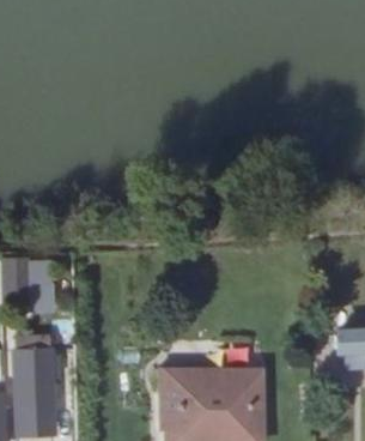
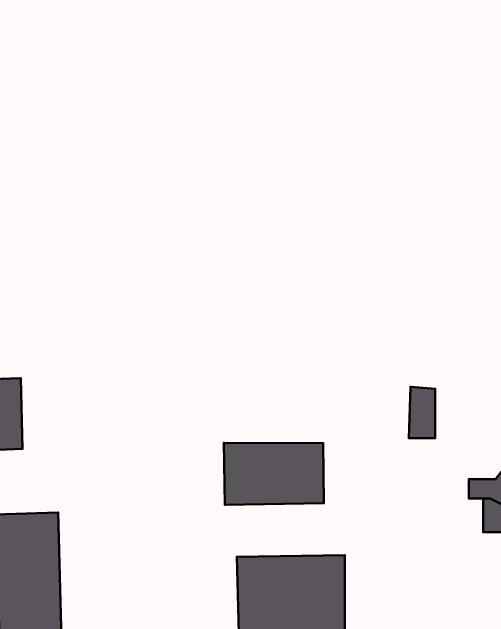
building: none -> [224,443,324,505]

